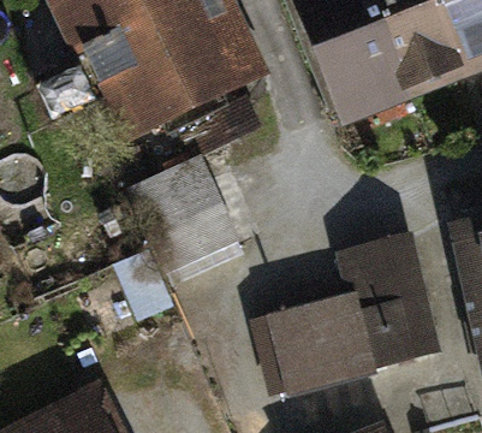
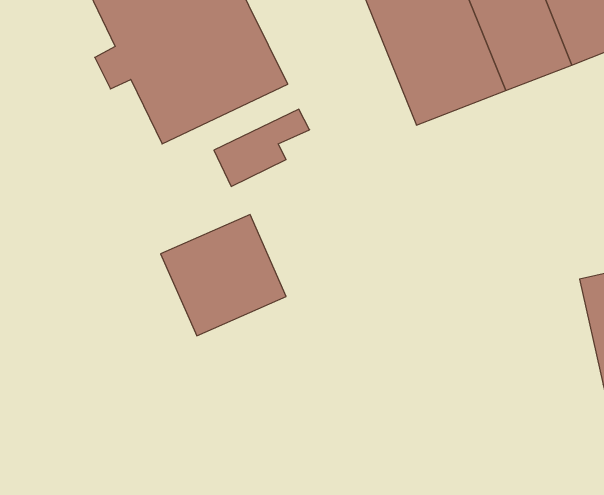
building: [276,238,436,386] -> none

